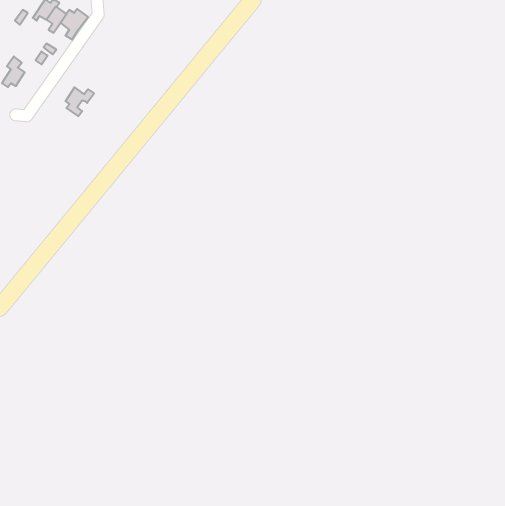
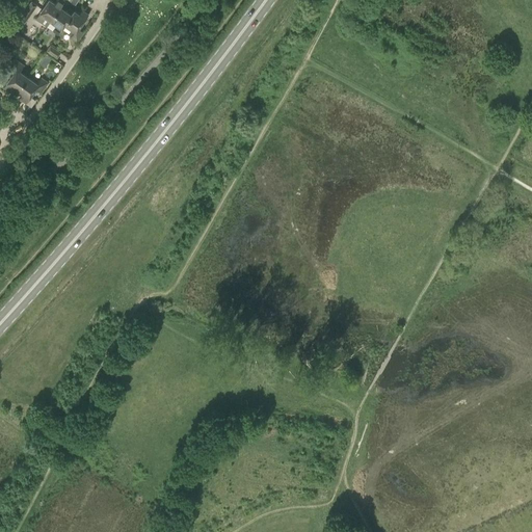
building: [65,87,94,116] -> [17,76,47,106]

